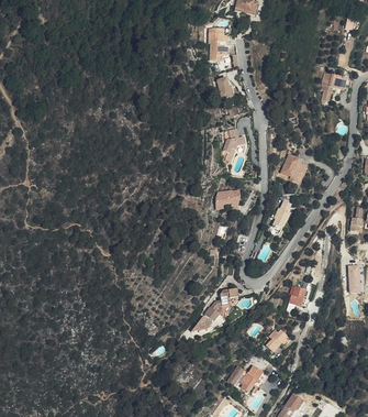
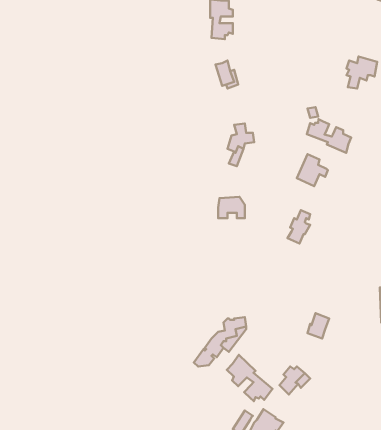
building: none -> [307,119,351,153]
building: none -> [227,355,272,401]

